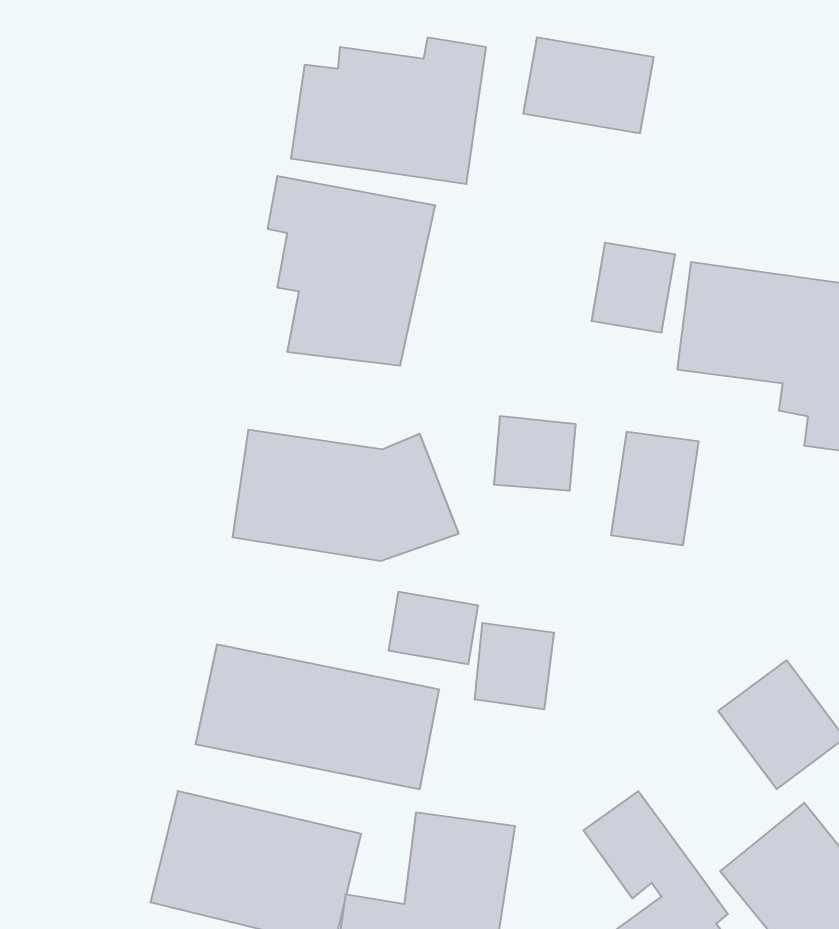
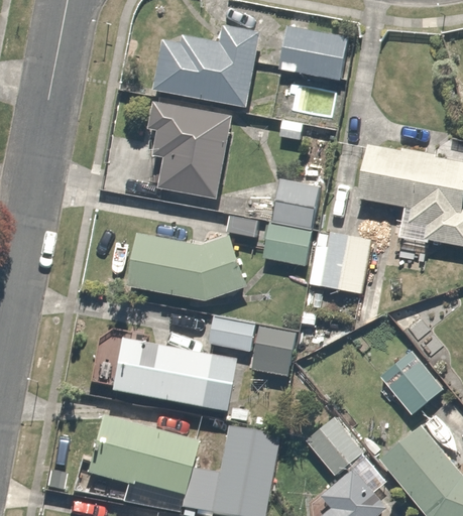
building: [591,243,675,333] -> [273,181,317,228]

